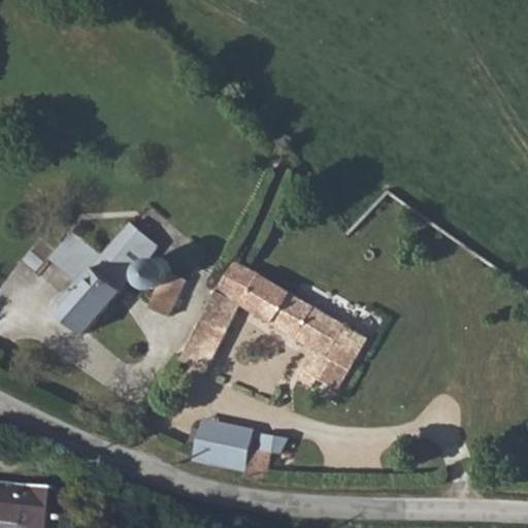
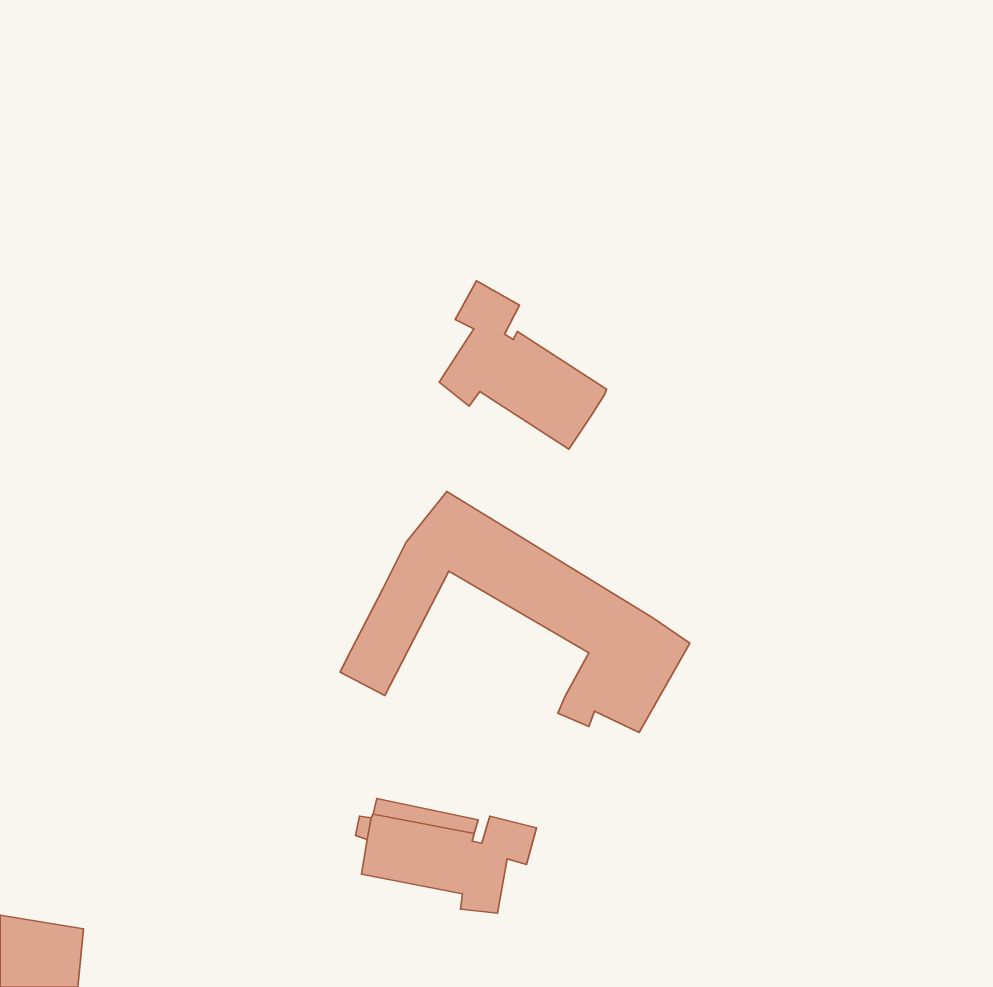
building: none -> [439,281,607,449]
building: [57,219,186,331] -> none

